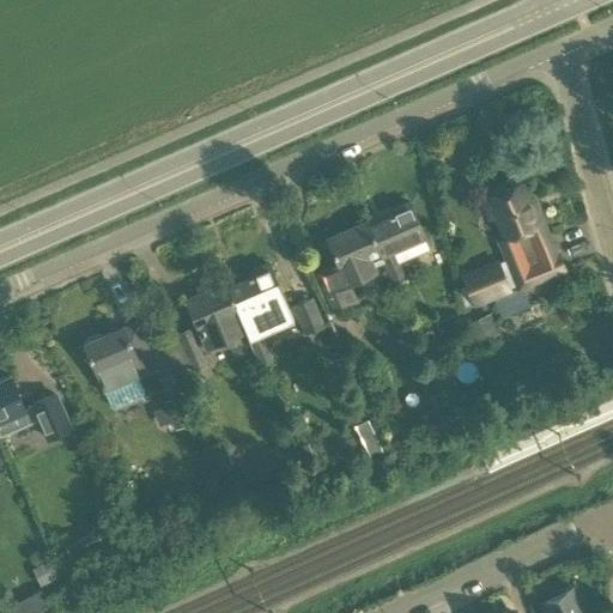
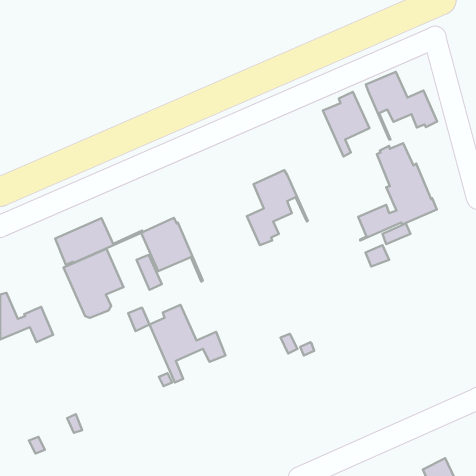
building: none -> [366,72,437,139]
building: [370,202,430,285] -> [323,92,370,156]
building: [230,262,327,362] -> [150,305,225,382]
building: none -> [55,218,143,265]

